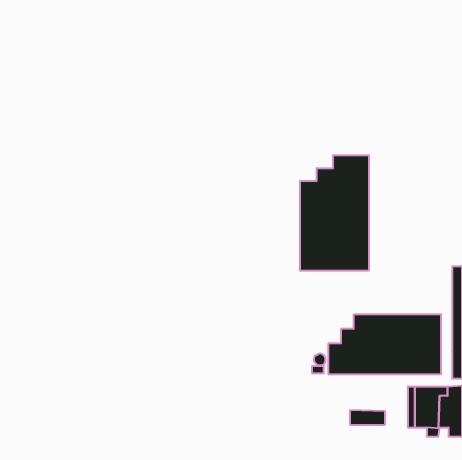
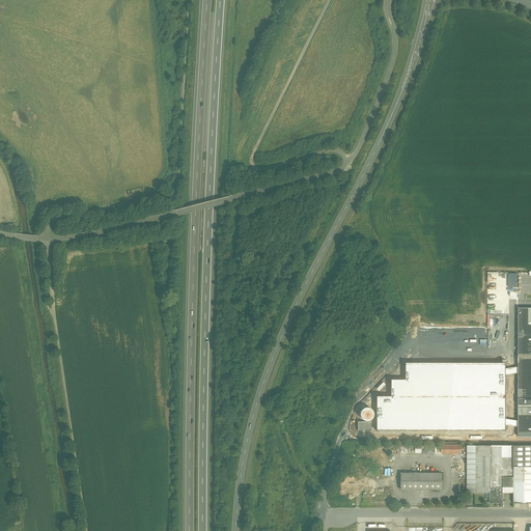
building: [300,155,369,271] -> none

